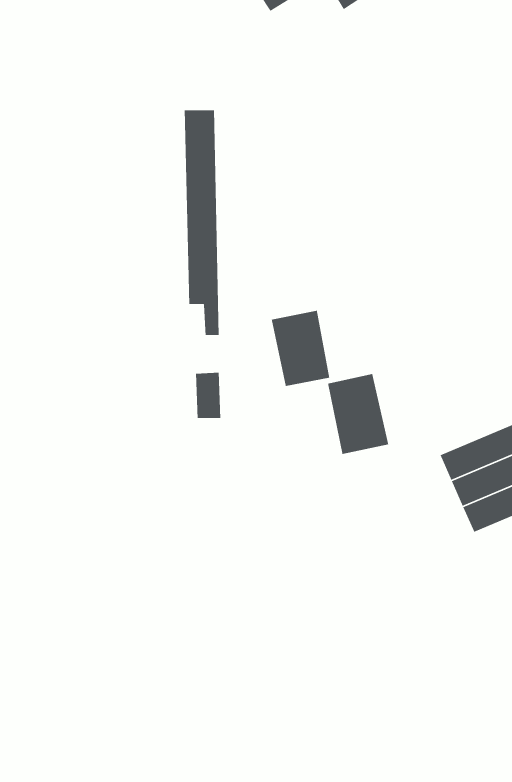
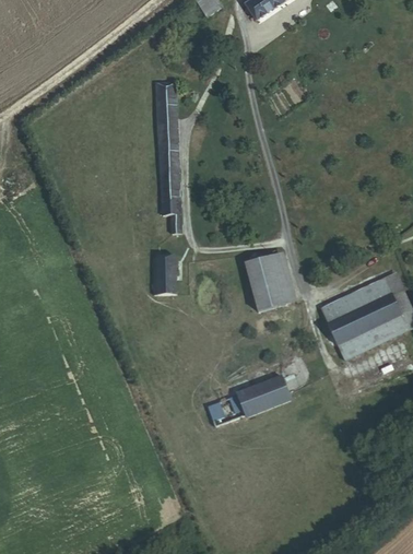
building: [271,310,330,387] -> none
building: none -> [229,375,298,410]

